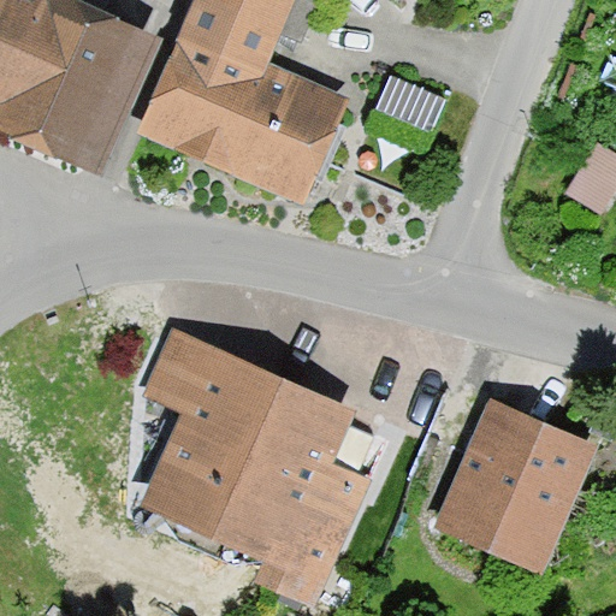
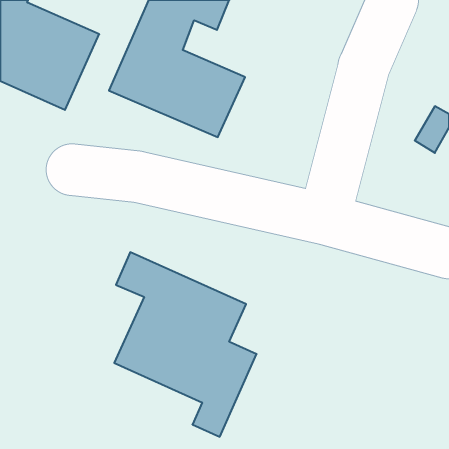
building: [444,413,586,558] -> none

